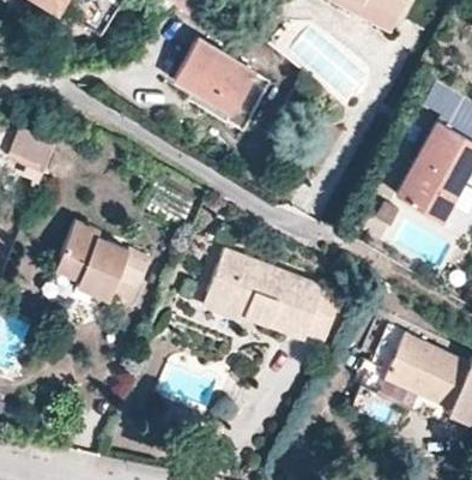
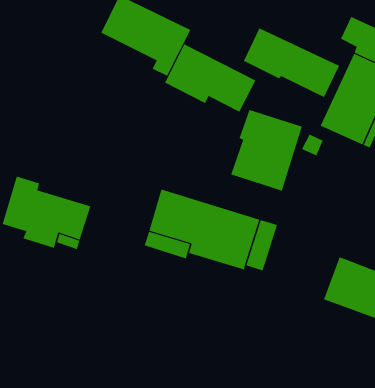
building: none -> [243,28,340,98]
building: none -> [164,44,256,113]
building: none -> [231,109,302,192]

